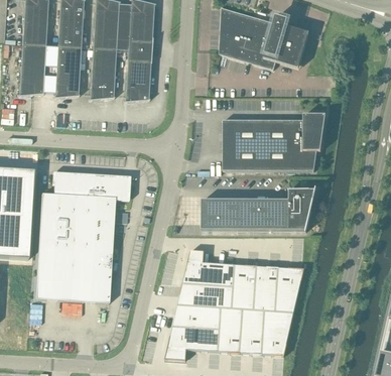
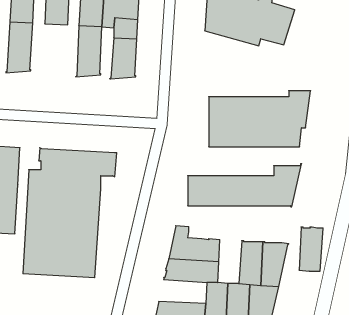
building: [54,45,82,97] -> none
building: [233,263,257,307] -> [299,227,323,271]
building: [173,303,222,328] -> none

